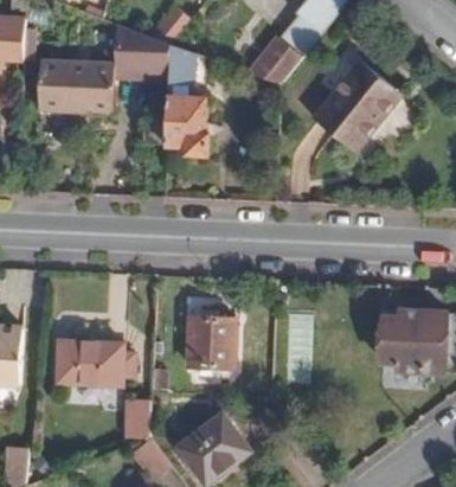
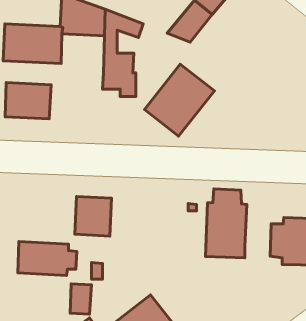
building: [309,57,399,149] -> [144,64,214,136]
building: none -> [5,83,51,119]
building: none -> [205,189,247,258]
building: [187,316,235,367] -> [75,196,112,236]

